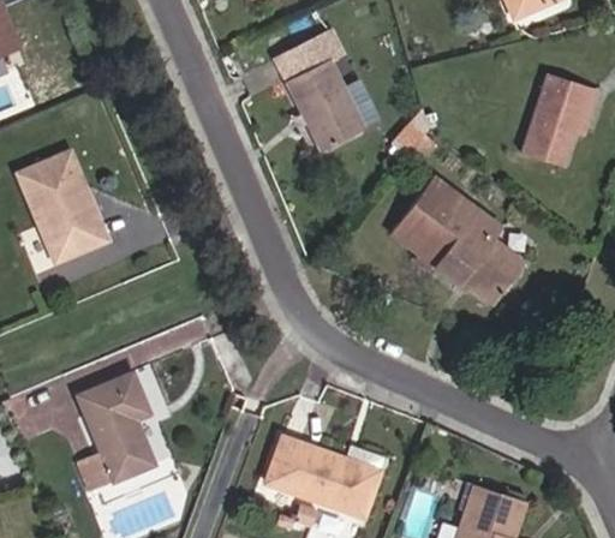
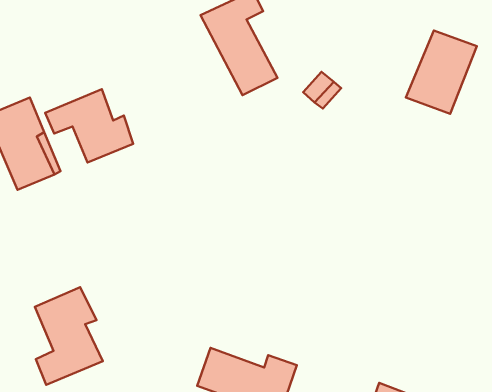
building: none -> [45,89,133,163]
building: [383,171,521,298] -> none

